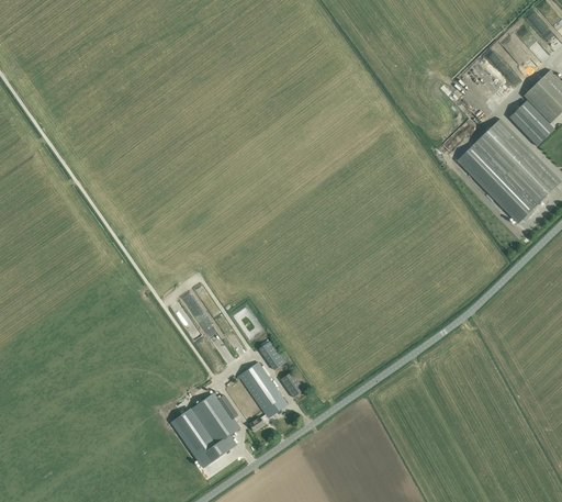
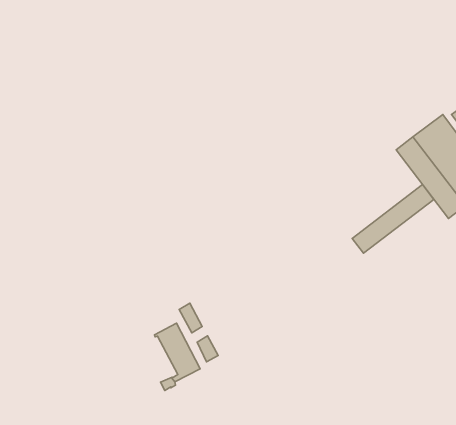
building: none -> [352,185,434,253]
building: [171,393,239,467] -> none

